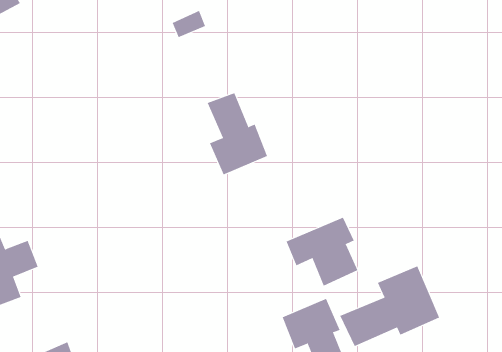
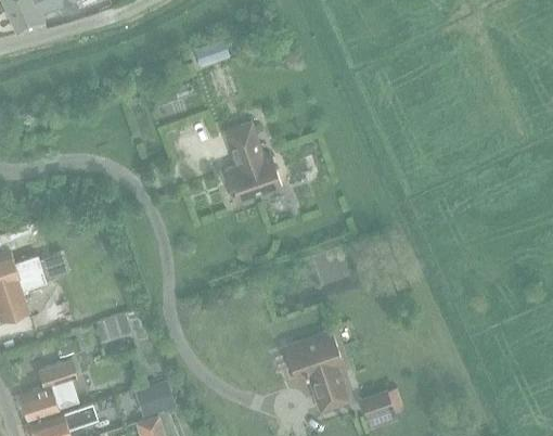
building: [286,217,358,286] -> none
building: [339,266,440,347] -> none

